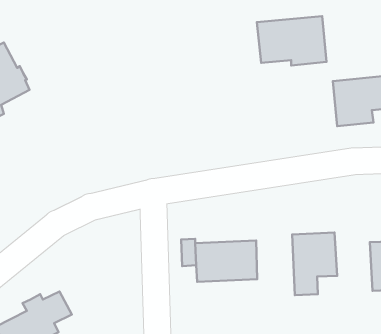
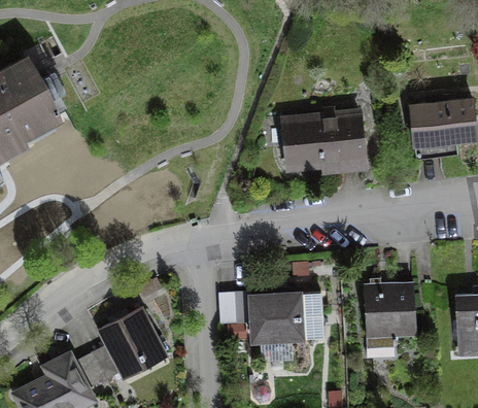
building: [257,16,326,65] -> [283,112,365,170]
building: none -> [92,306,167,379]

